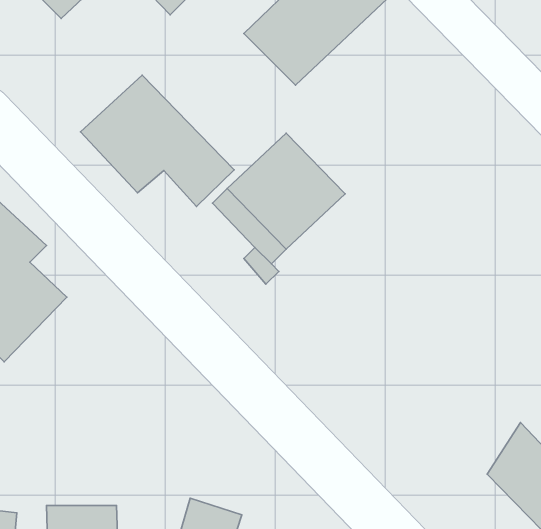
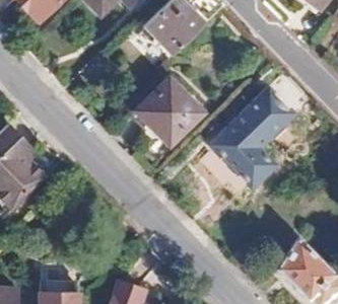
building: [81,75,234,206] -> none
building: none -> [202,87,292,194]

